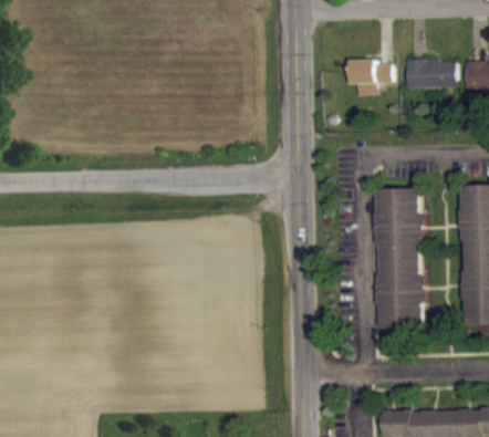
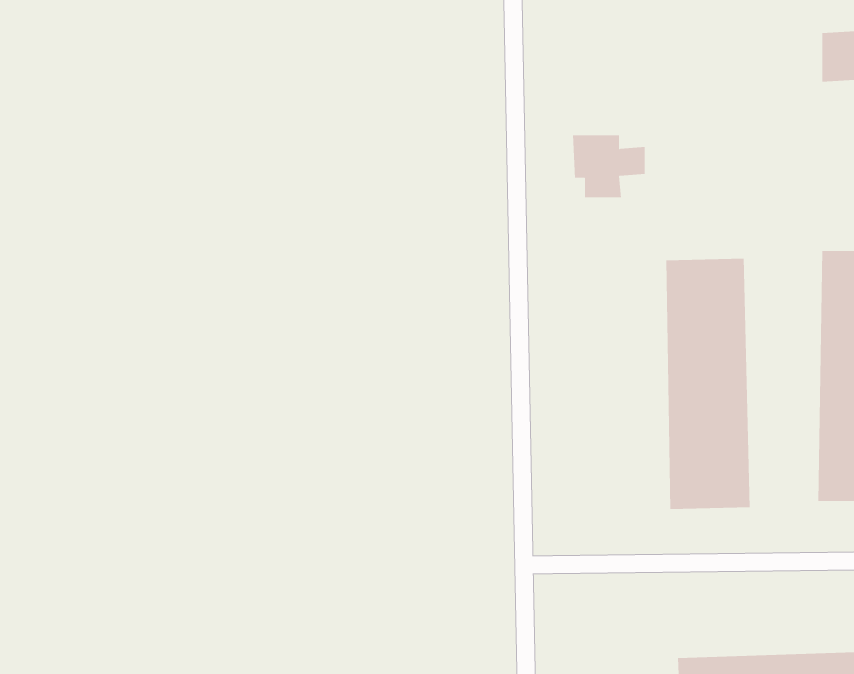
building: [348,60,389,95] -> [572,135,645,198]
building: [405,60,455,87] -> none

